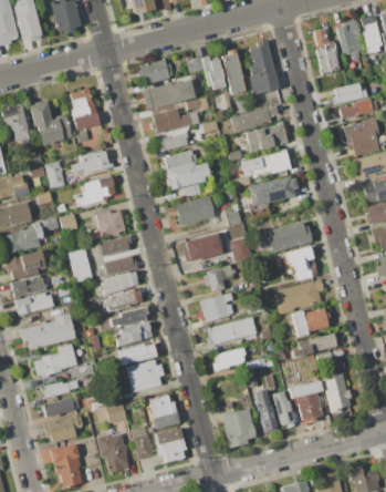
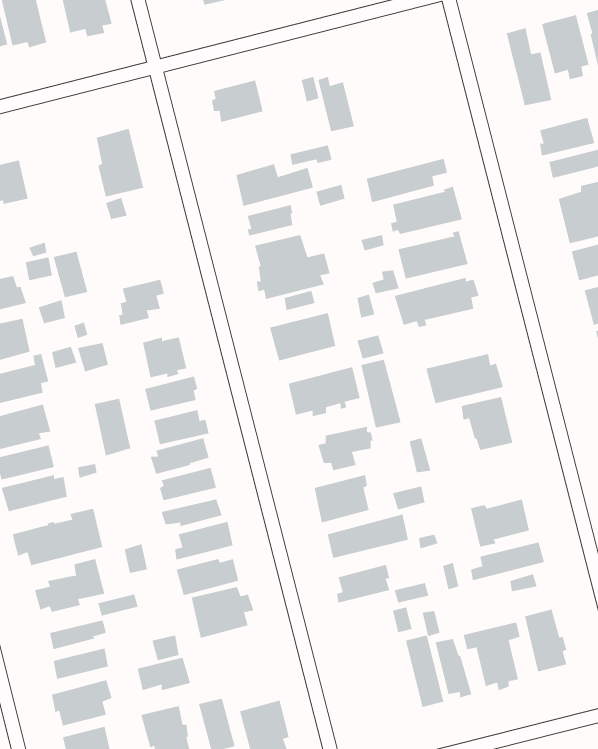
building: [249,40,279,94] -> none
building: [222,49,247,95] -> none
building: [144,80,194,109] -> none
building: [30,101,72,144] -> none
building: [73,151,113,173] -> none
building: [275,280,324,316] -> none
building: [149,393,178,428] -> none
building: [221,409,254,447] -> none

